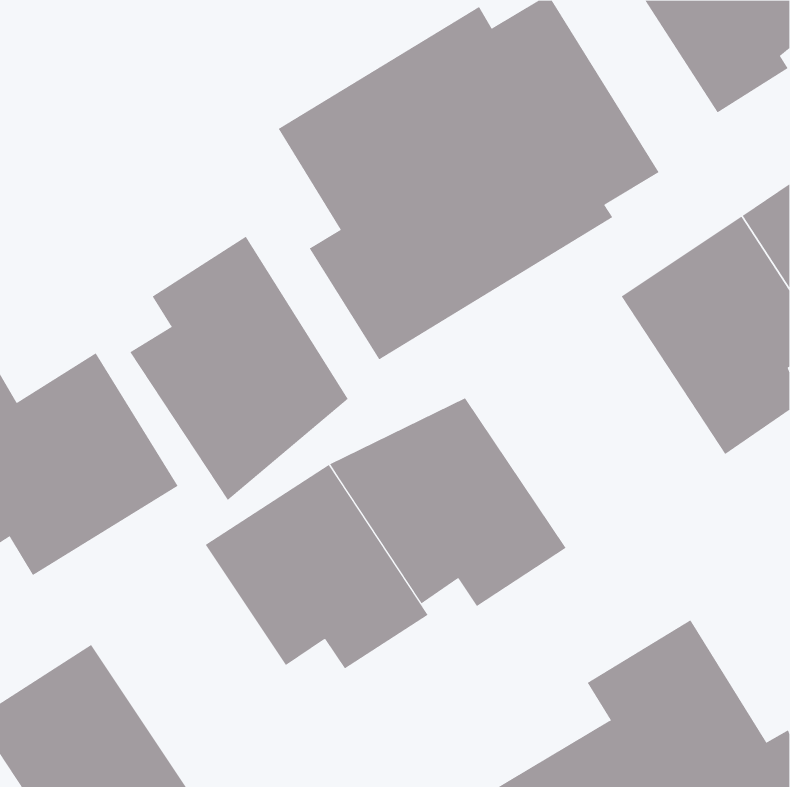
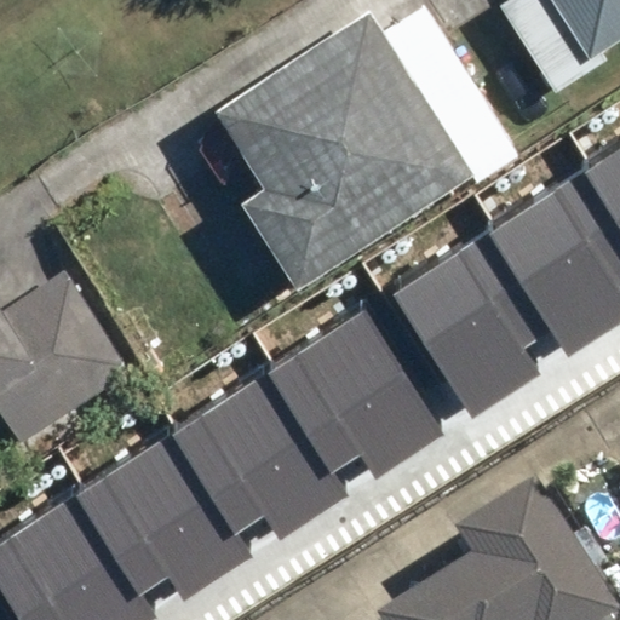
building: [129,236,349,501] -> none
building: none -> [388,236,550,421]
building: none -> [62,430,239,596]

